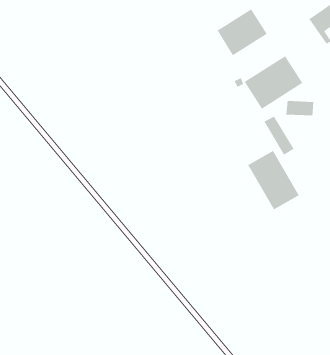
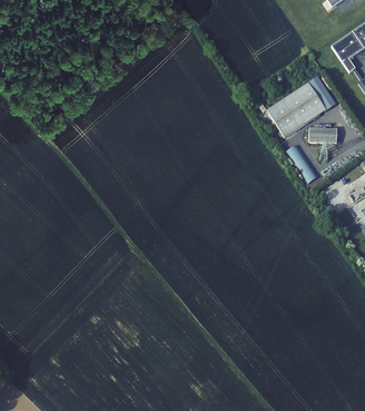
building: [217,8,267,56] -> none
building: [247,150,299,210] -> none

